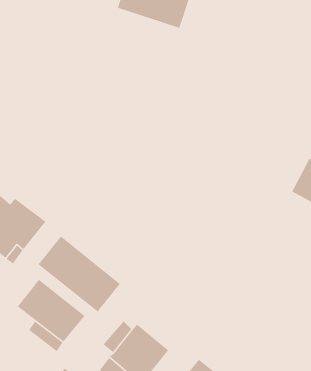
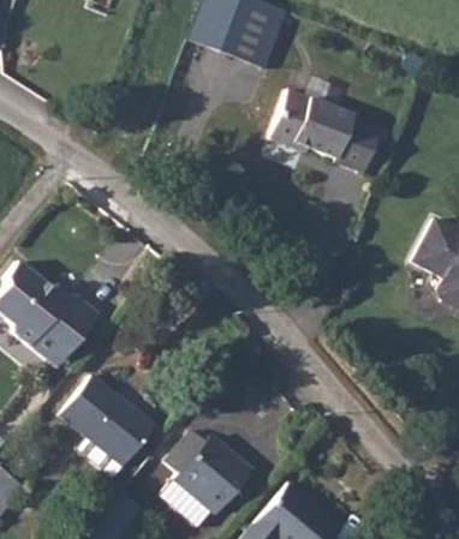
building: none -> [272,85,394,179]
building: [38,236,121,313] -> none

